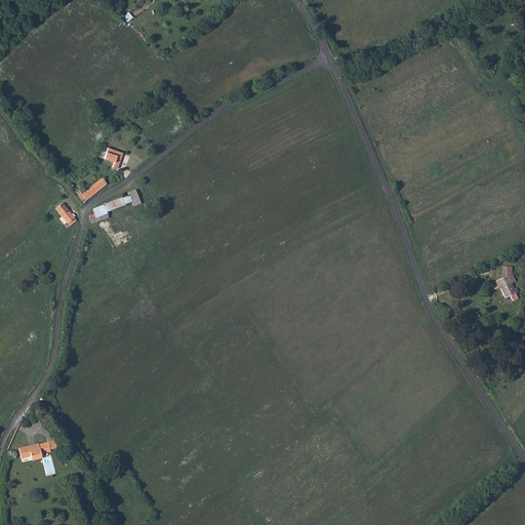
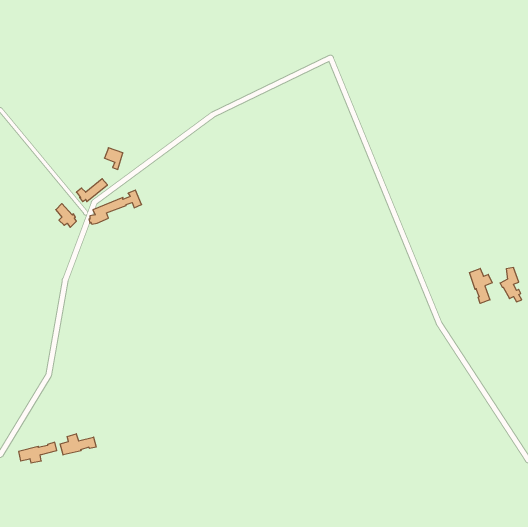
building: none -> [469,268,492,303]
building: none -> [60,434,96,455]

